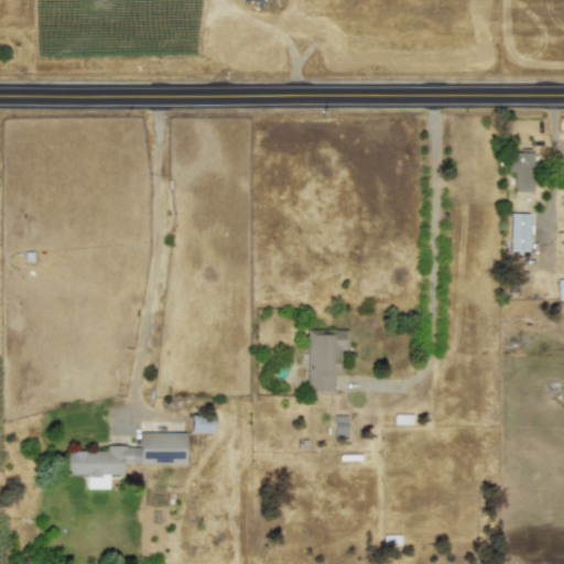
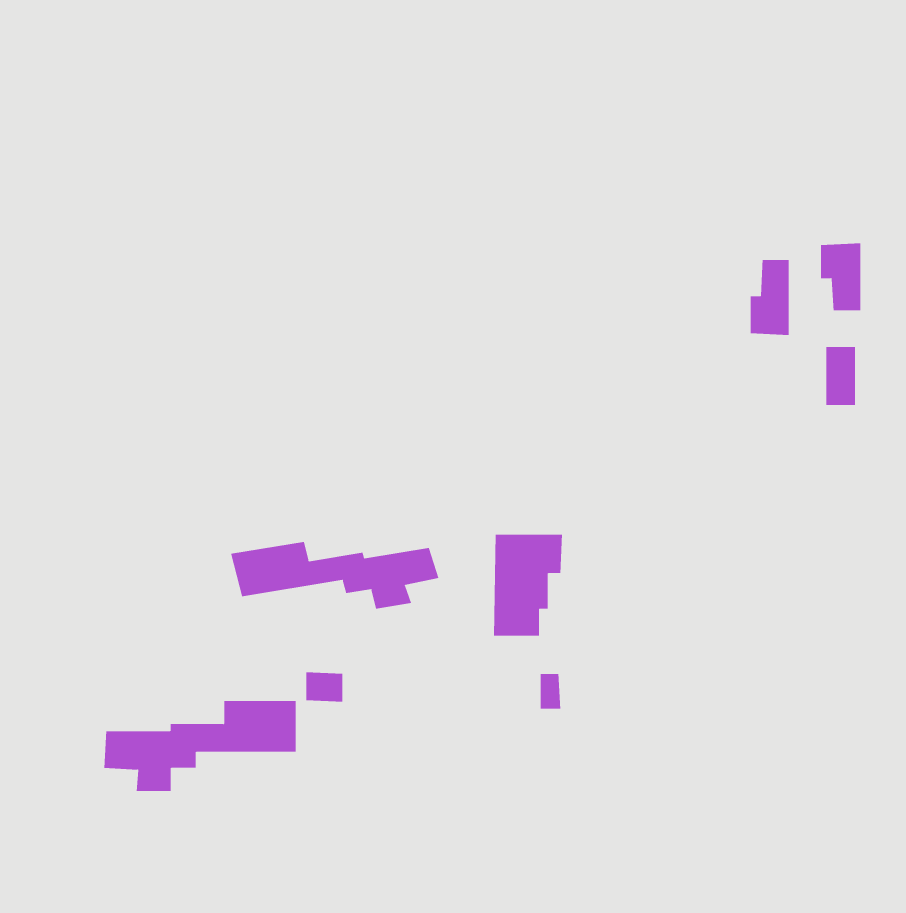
building: none -> [750,259,789,336]
building: none -> [231,541,439,609]

